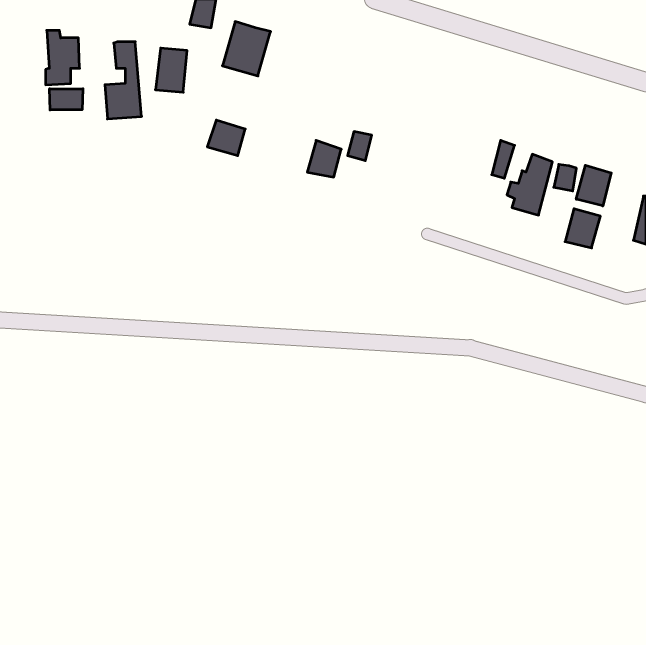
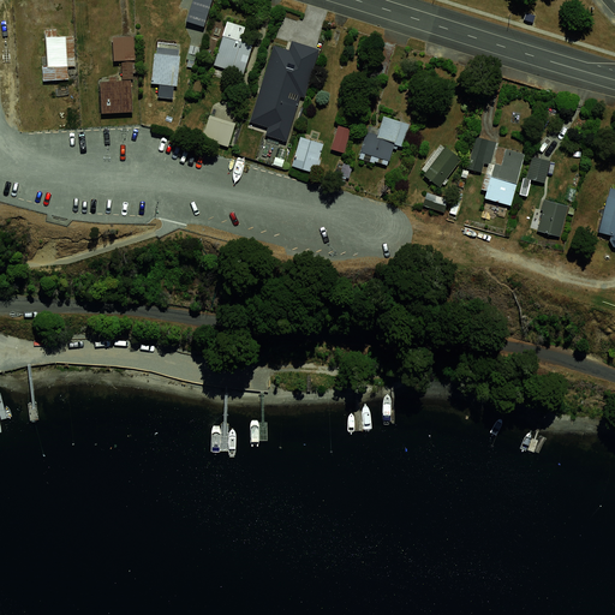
building: none -> [249,41,311,142]
building: [50,89,83,110] -> none
building: none -> [362,114,411,162]
building: none -> [423,145,460,185]
building: [576,165,611,206] -> none

